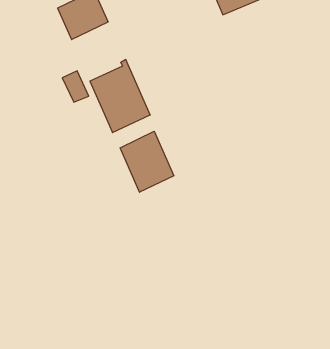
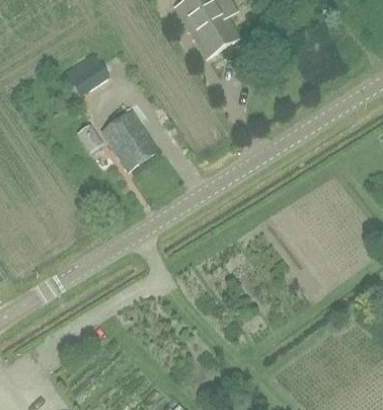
building: [120,131,174,192] -> none

